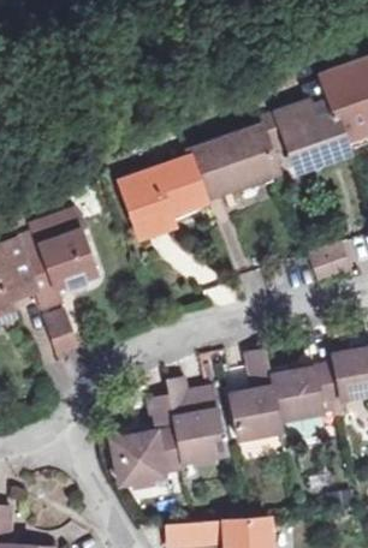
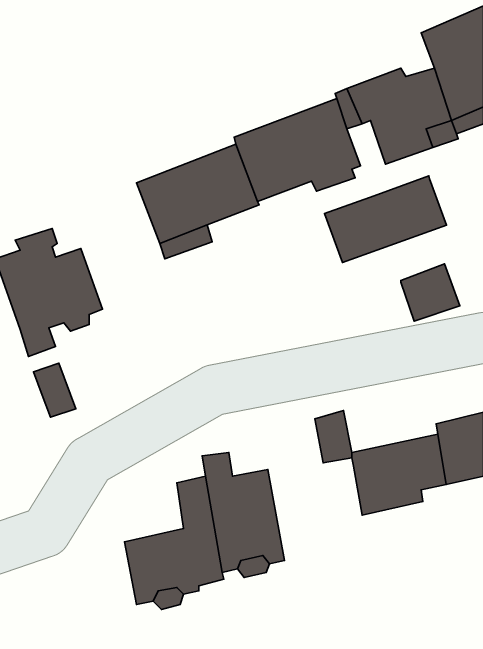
building: none -> [325,176,447,263]
building: [231,385,283,437] -> none

